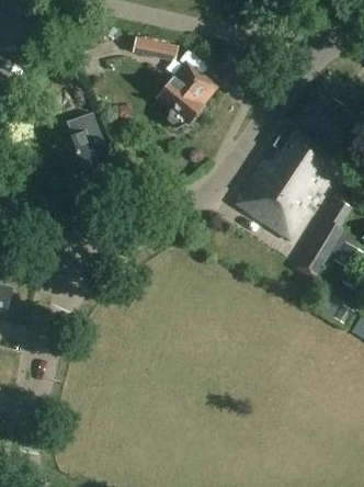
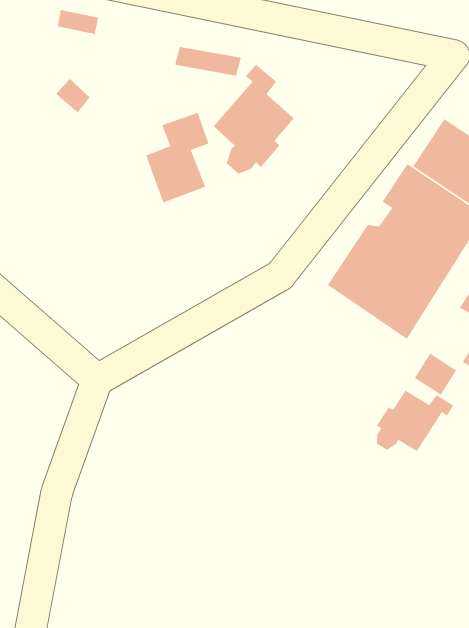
building: [56,113,100,175] -> [145,112,209,203]
building: none -> [376,390,454,452]

